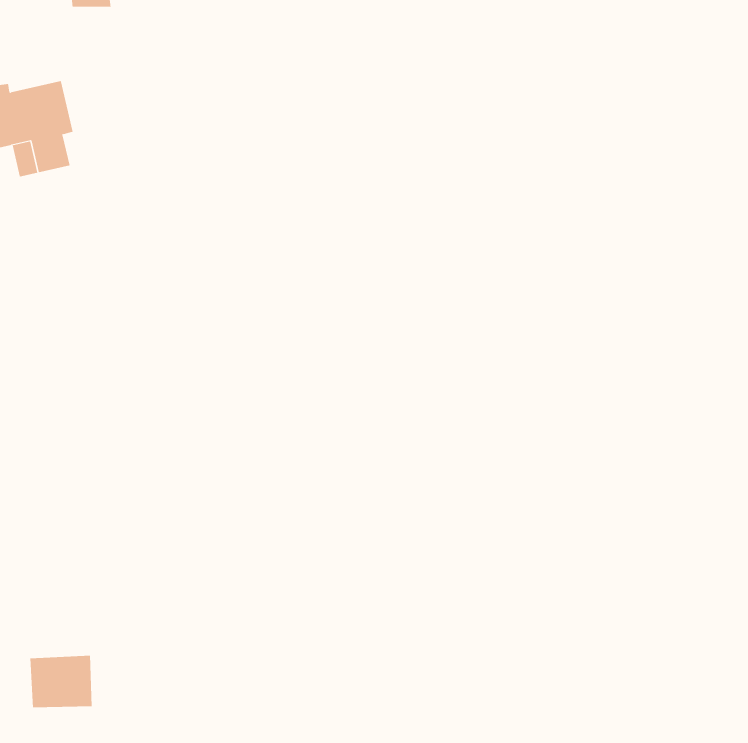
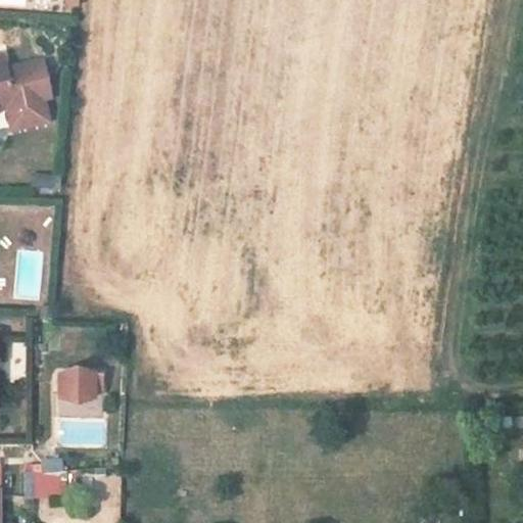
building: none -> [58,380,102,411]

